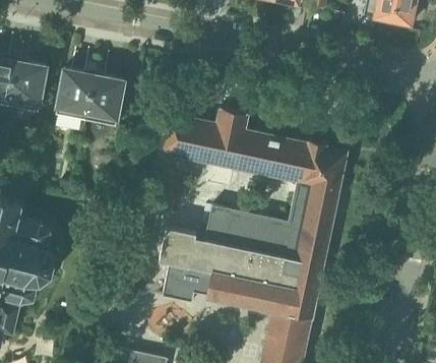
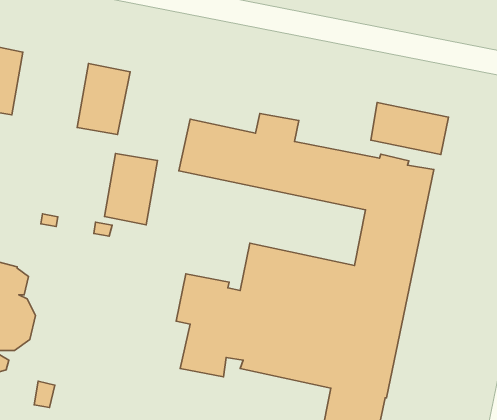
building: [56,69,95,121] -> [104,154,157,225]
building: none -> [371,102,449,154]

